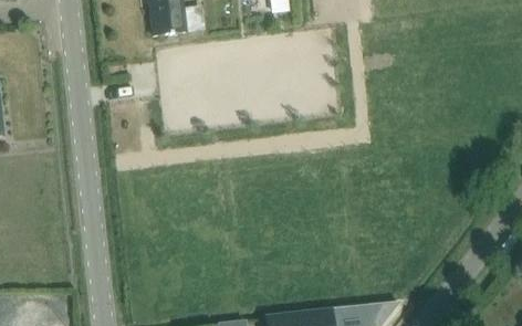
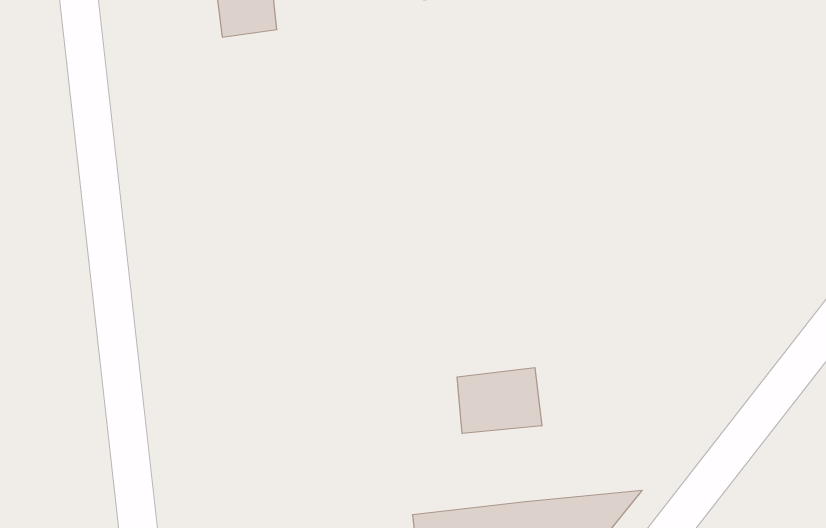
building: none -> [457,368,542,434]

